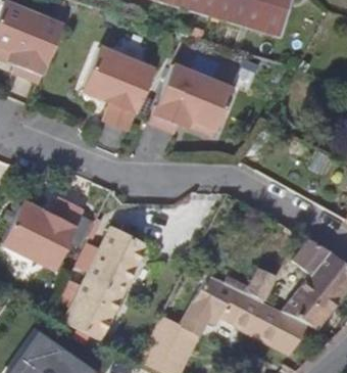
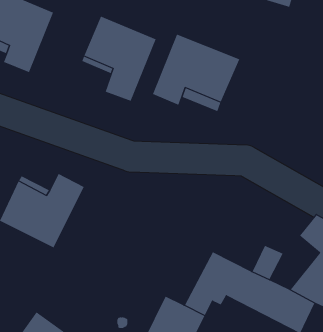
building: [61,226,149,340] -> none

